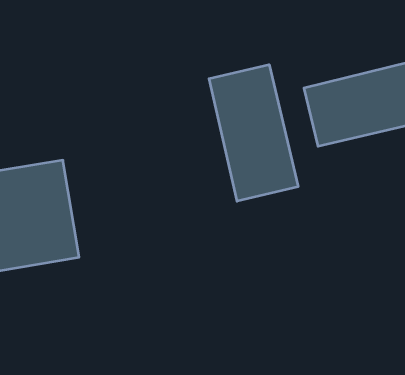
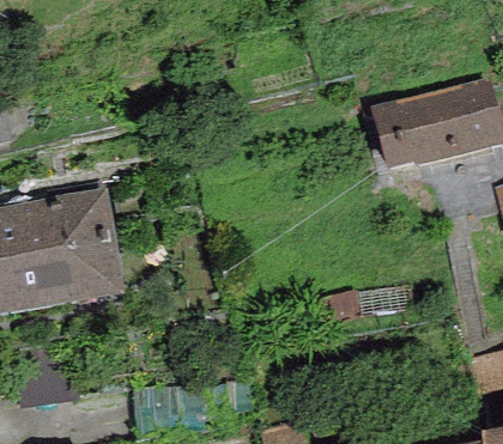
building: [209,65,298,201] -> none

